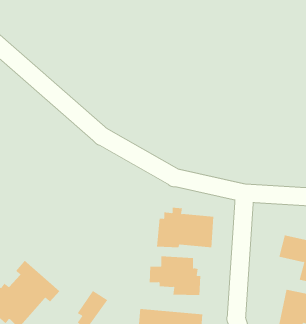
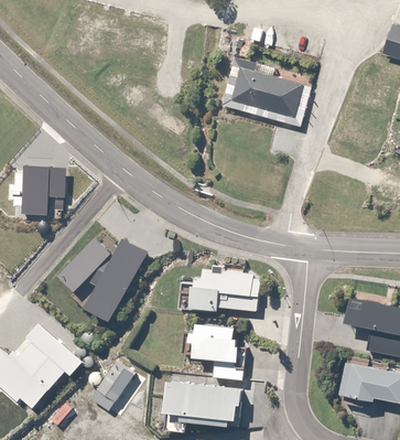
building: none -> [233,66,304,118]
building: none -> [15,165,63,216]
building: none -> [53,237,141,320]

